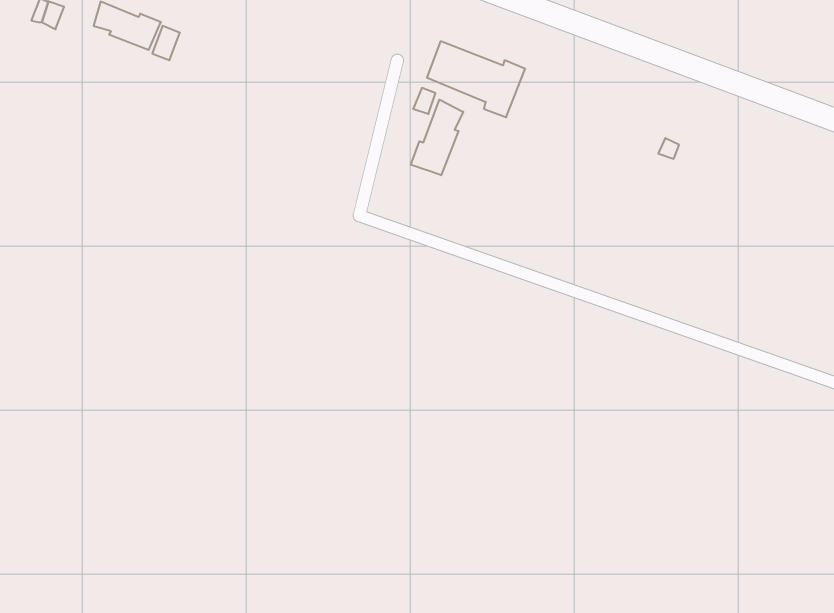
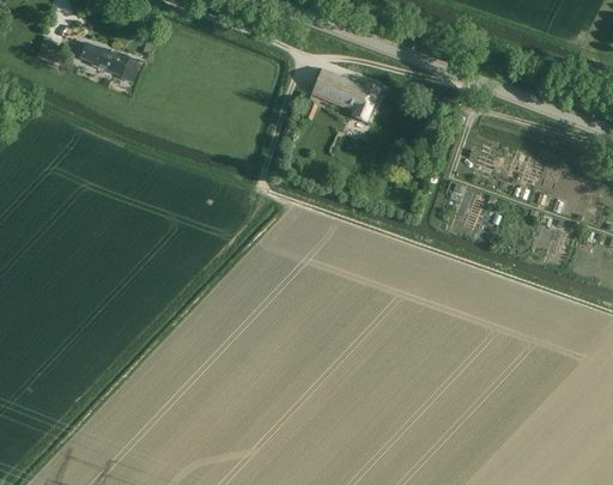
building: [411,100,463,175] -> none

